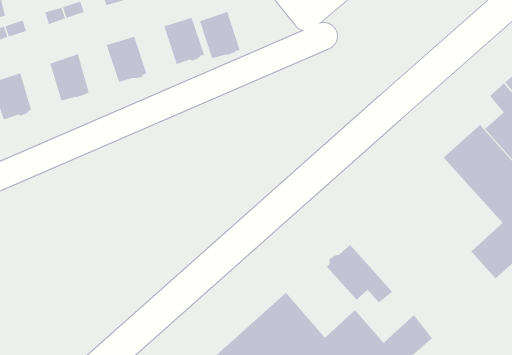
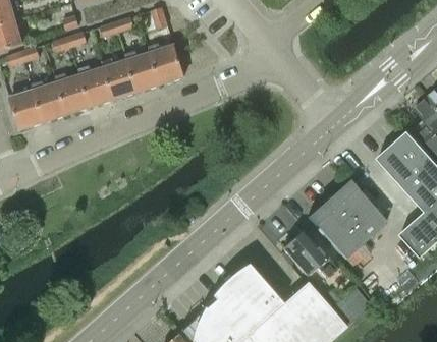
building: [199,11,240,59] -> [126,52,160,91]
building: none -> [80,67,113,106]
building: none -> [34,82,66,120]
building: none -> [306,179,385,259]

